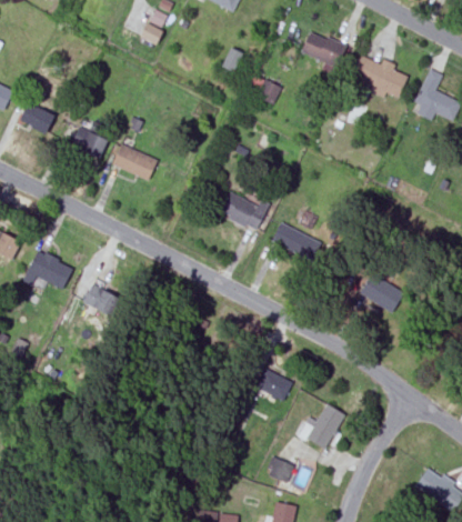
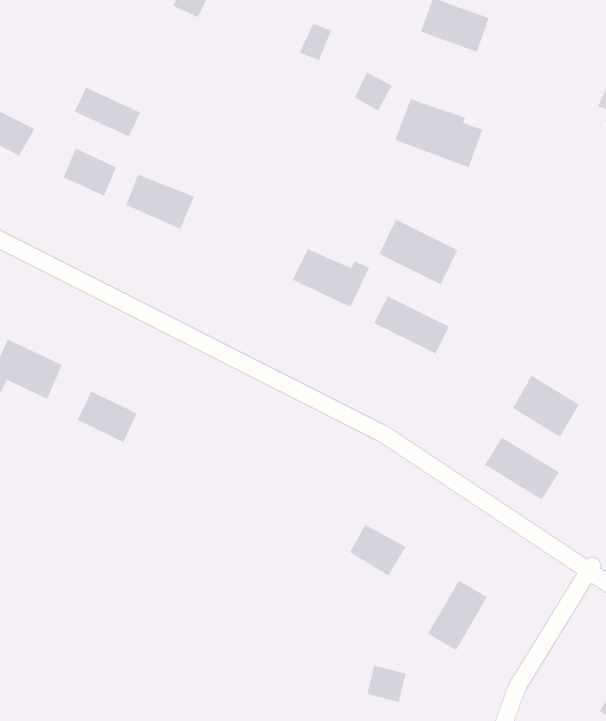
building: [350,54,406,99] -> [395,98,483,168]
building: none -> [74,87,141,137]
building: none -> [379,219,458,285]
building: none -> [484,437,560,500]

